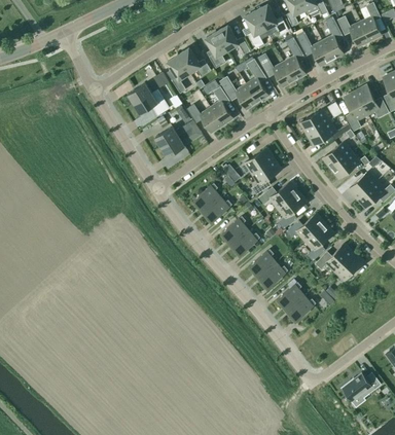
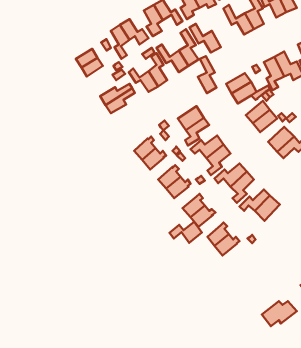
building: [284,38,306,80] -> [198,56,217,93]
building: none -> [170,222,202,243]

